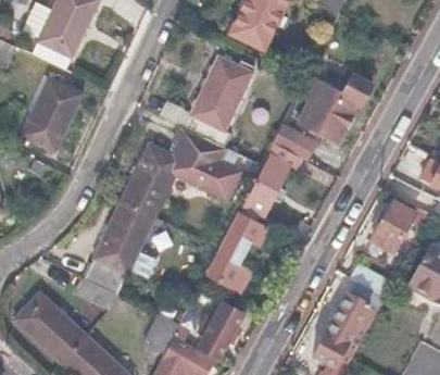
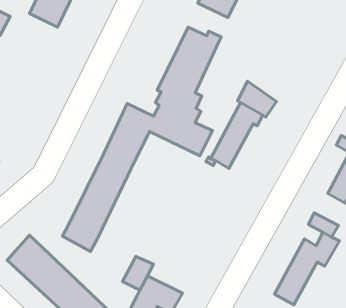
building: [299,68,369,137] -> none
building: [22,76,81,150] -> none
building: [208,213,265,289] -> none
building: [196,300,241,355] -> none

